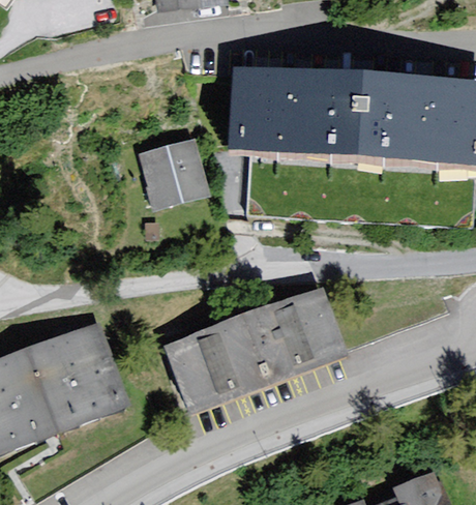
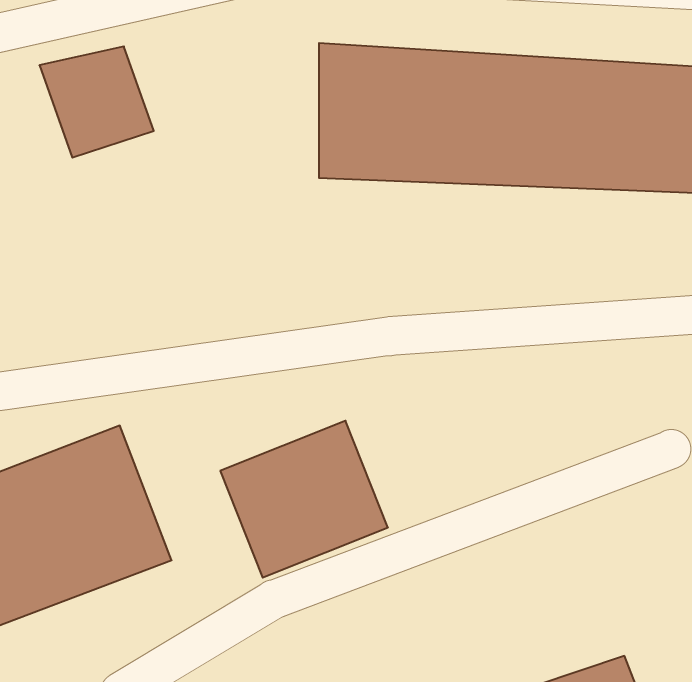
building: [132,133,208,207] -> [39,46,154,158]
building: [246,283,352,384] -> none

